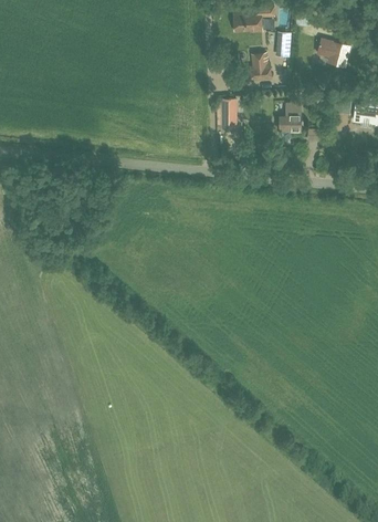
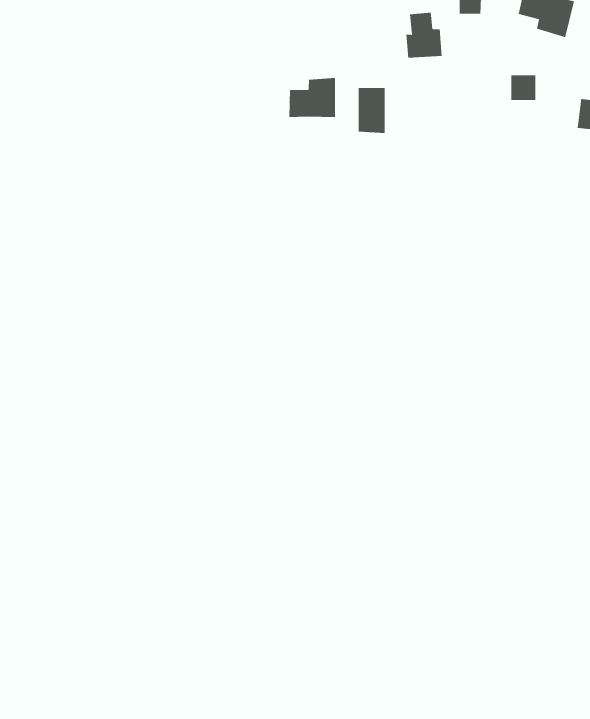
building: none -> [289,77,335,118]
building: [277,111,301,134] -> none

